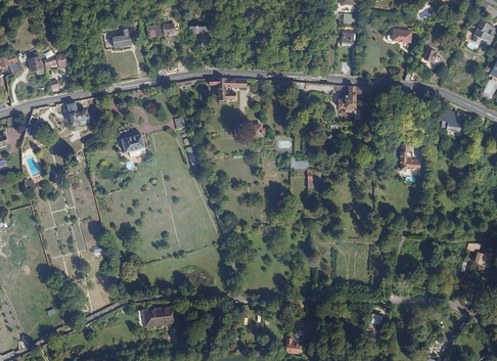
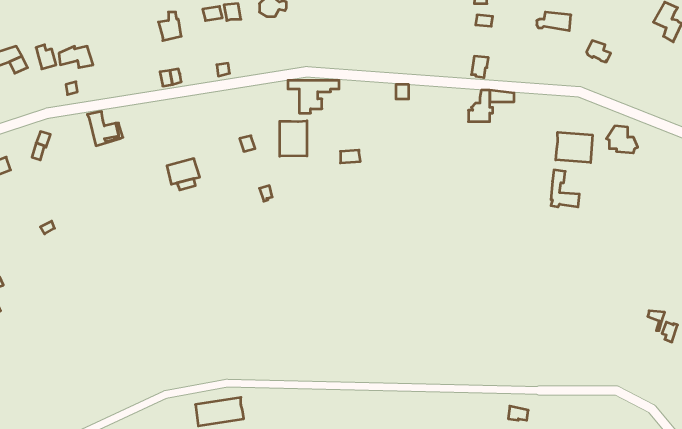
building: none -> [280,121,307,156]
building: none -> [556,132,592,163]

